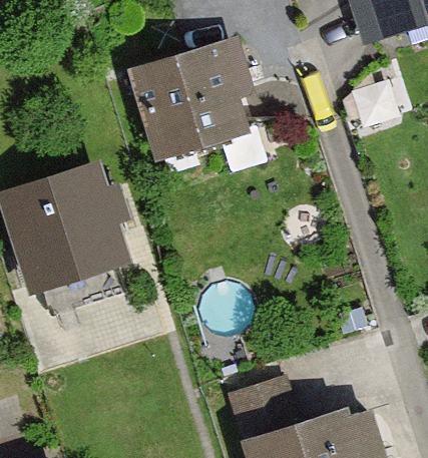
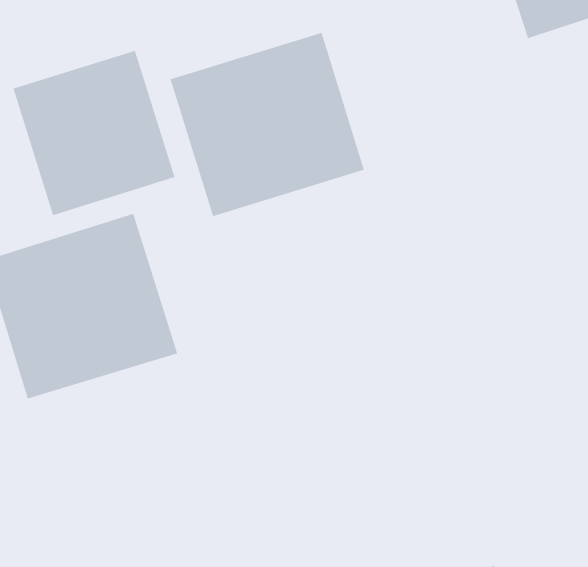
building: none -> [12,50,176,216]

